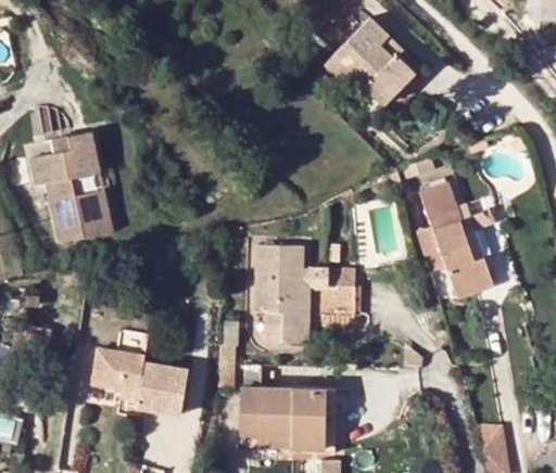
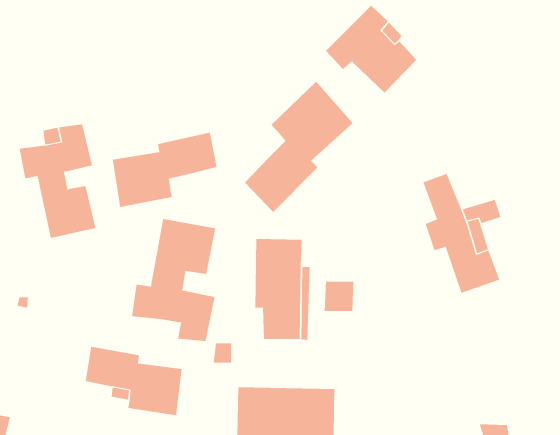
building: none -> [244,81,353,213]
building: none -> [112,132,217,208]
building: none -> [131,218,216,342]

